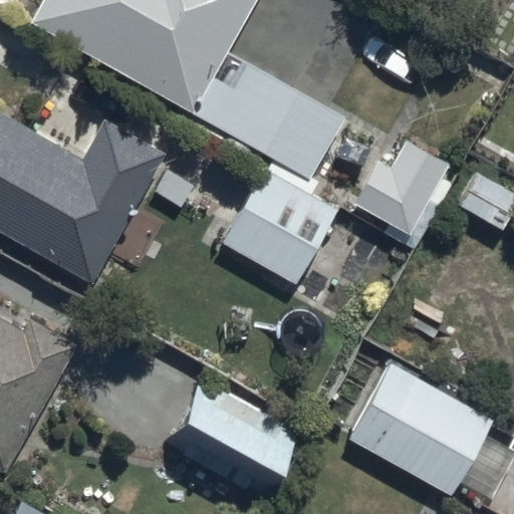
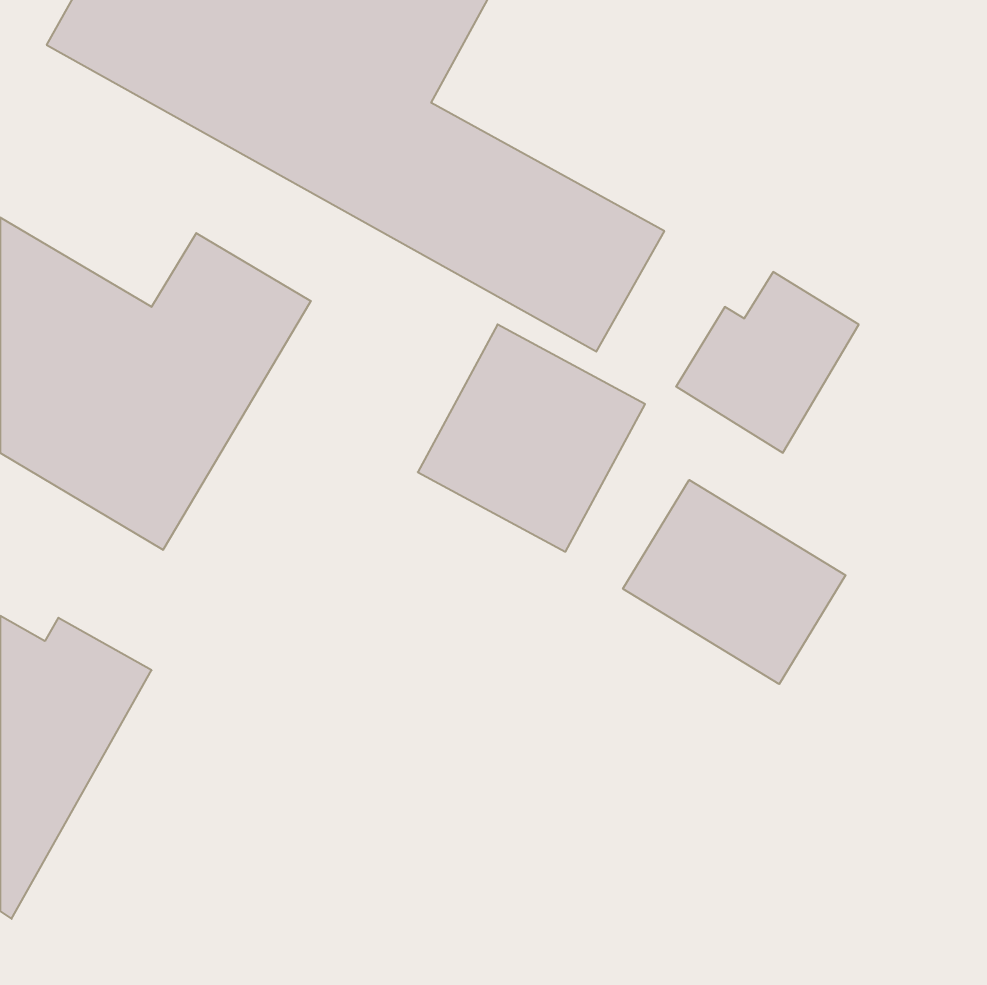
building: none -> [623,480,846,684]
building: [343,359,495,495] -> none
building: [172,382,302,502] -> none

